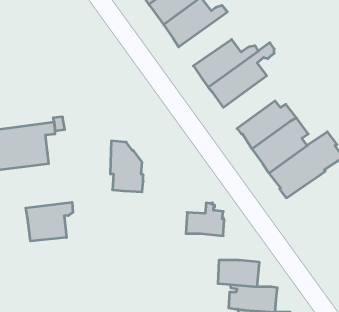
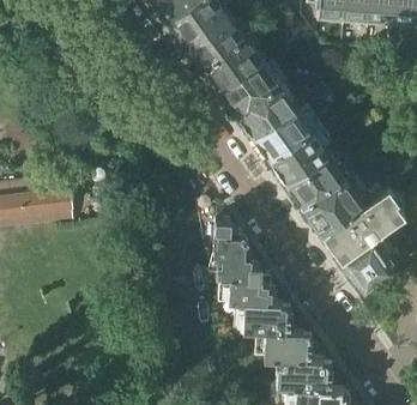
building: none -> [218,49,278,110]
building: none -> [268,121,327,181]
building: [110,141,143,192] -> [212,219,249,277]
building: none -> [340,232,392,290]
building: [26,202,73,241] -> none
building: none -> [242,300,289,330]

